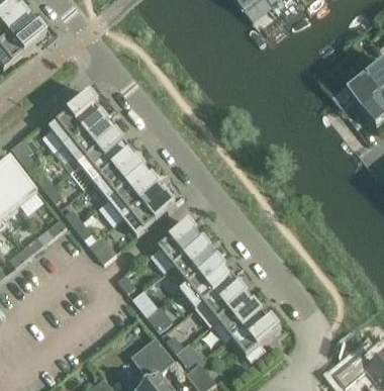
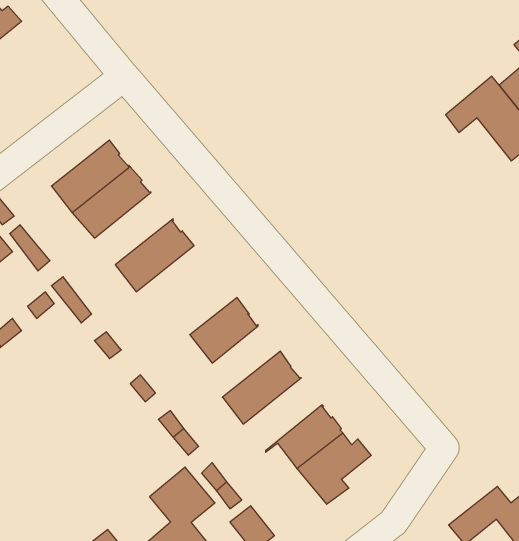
building: [49,91,103,143] -> none
building: [93,148,147,197] -> none
building: [121,184,176,233] -> none
building: [173,238,219,287] -> none
building: [194,274,248,323] -> none

